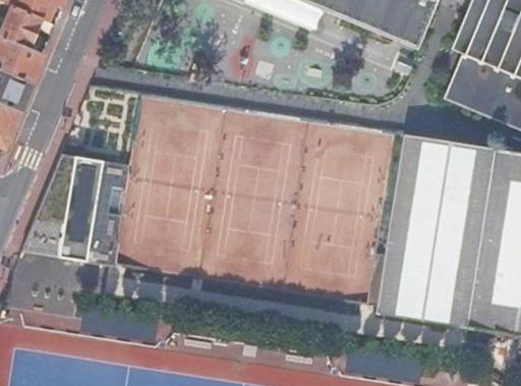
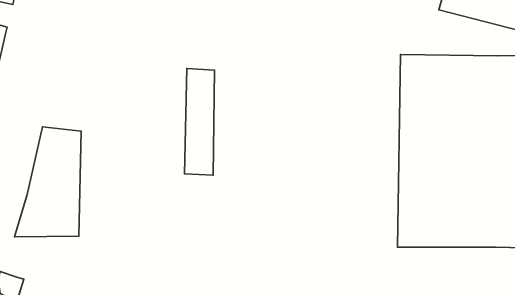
building: [82,162,124,265] -> [185,69,215,175]

